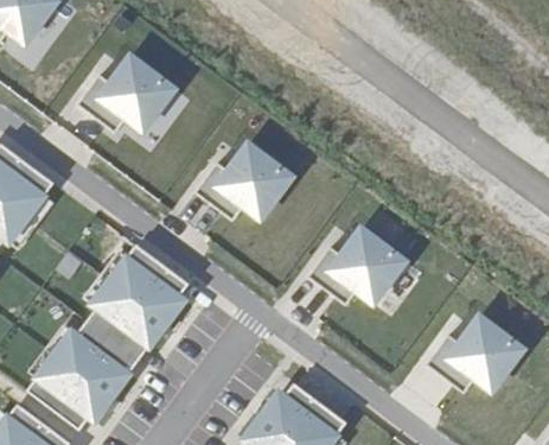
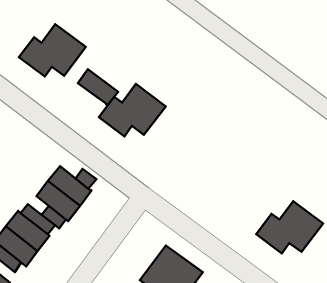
building: none -> [78,69,118,105]
building: [312,230,410,307] -> none

